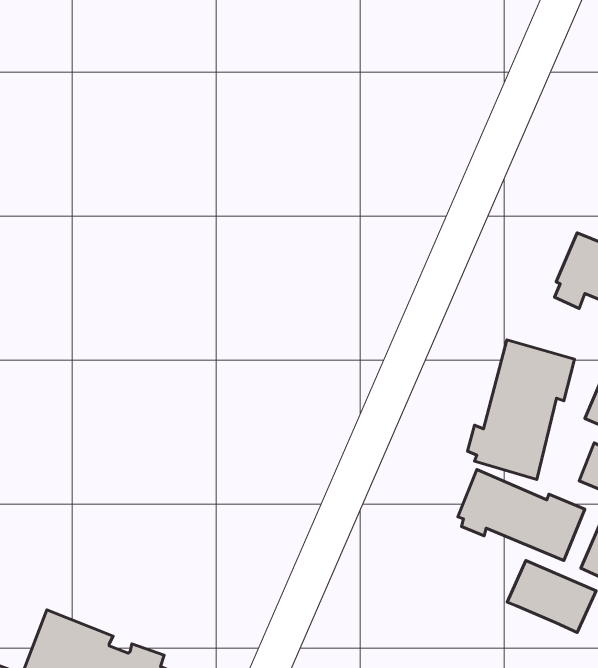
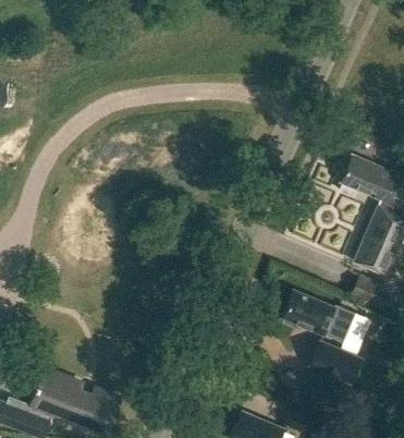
building: [468,340,574,480] -> none

